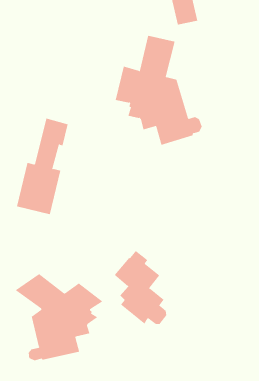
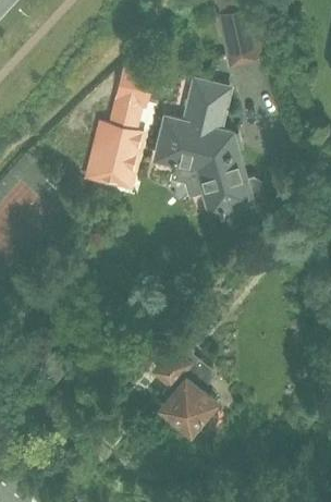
building: [16,118,68,215] -> [88,72,151,188]
building: [14,273,104,361] -> none

